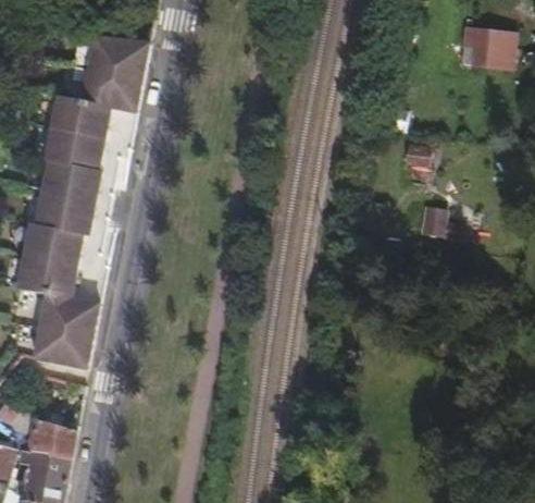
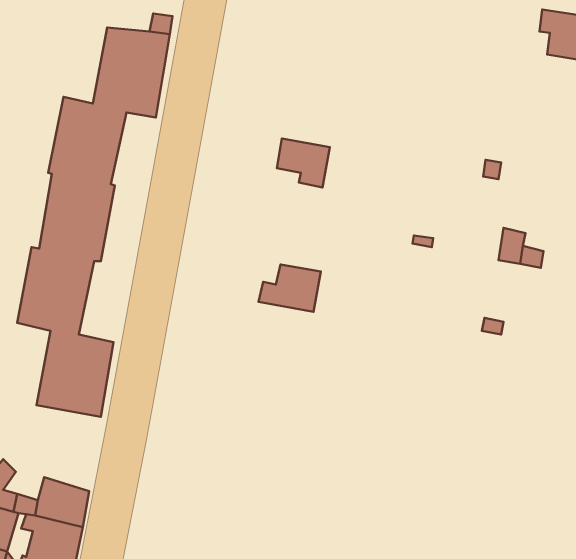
building: none -> [277,138,330,187]
building: none -> [259,264,321,312]

